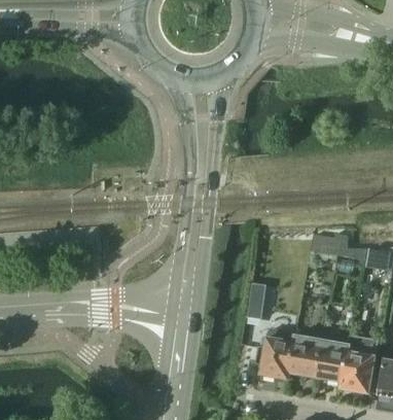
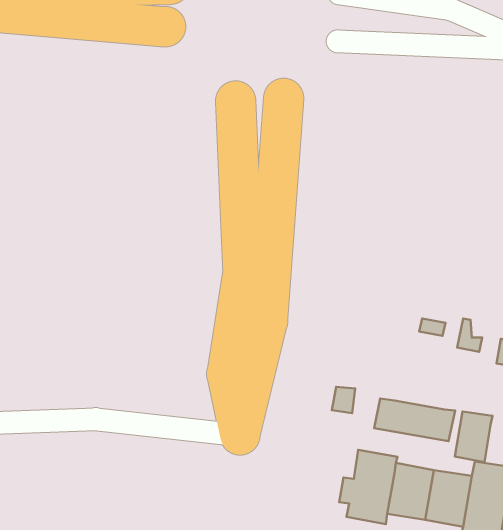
building: none -> [374,398,455,441]
building: none -> [455,411,492,462]

